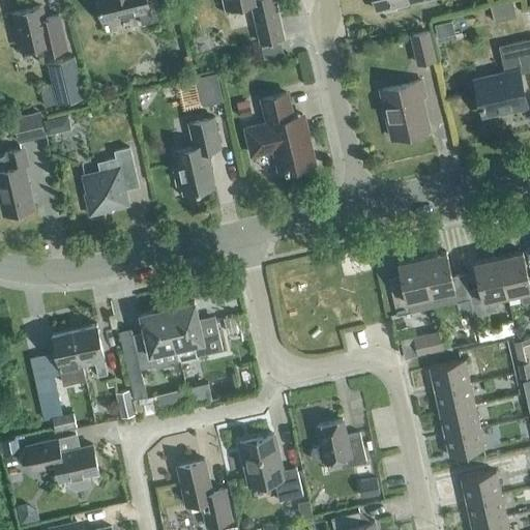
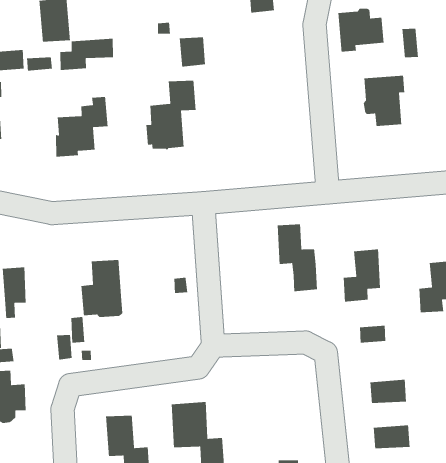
building: none -> [337,8,384,53]
building: none -> [60,38,114,71]
building: [245,93,317,173] -> none
building: [422,253,473,322] -> [277,224,318,292]
building: [167,302,222,363] -> none
building: [75,325,108,378] -> none
building: [430,361,469,391] -> none
building: [439,406,479,436] -> none
building: [311,420,366,469] -> none

